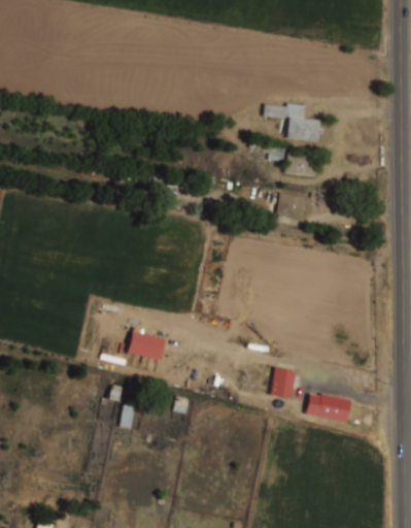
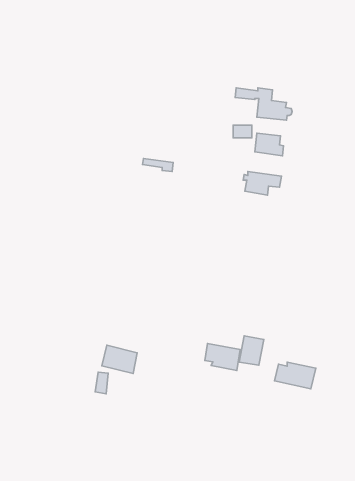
building: [127,330,164,360] -> [102,345,137,374]
building: none -> [205,343,240,370]

